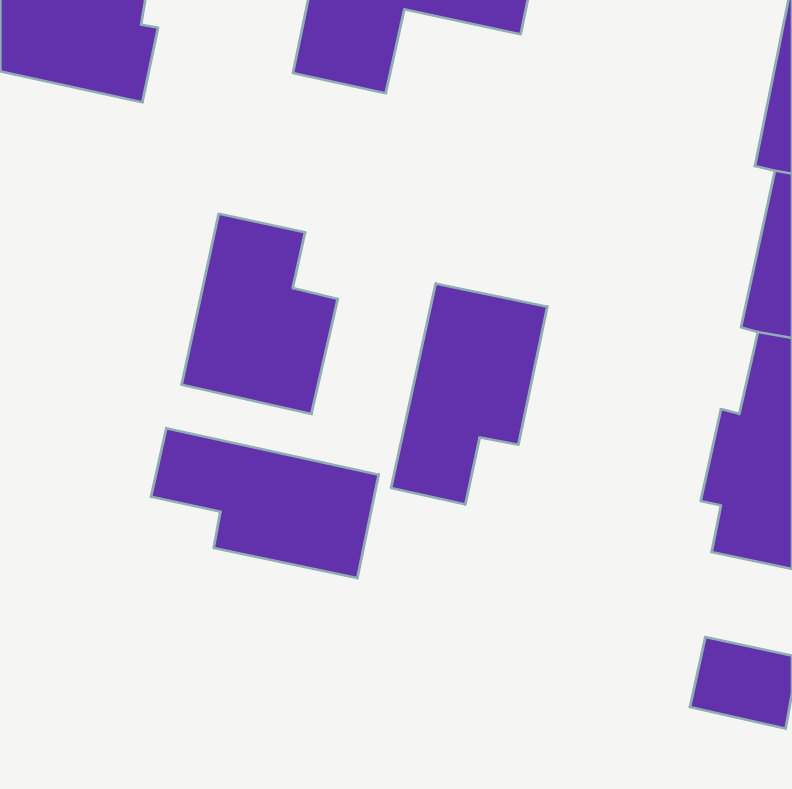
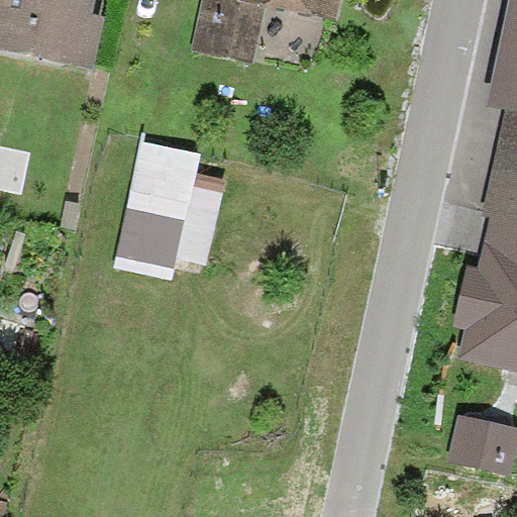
building: [391,283,547,505] -> none
building: [151,428,379,578] -> none

